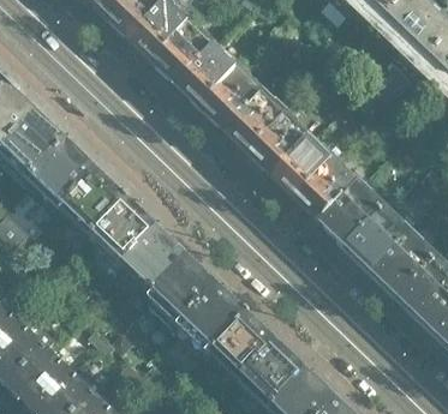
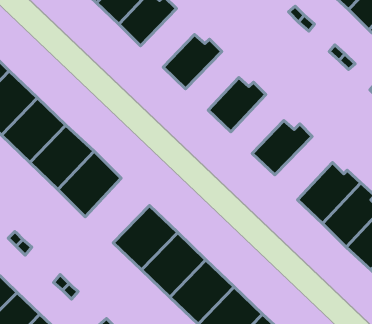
building: [184,49,241,112] -> none
building: [232,95,288,157] -> none
building: [280,140,336,203] -> none
building: [327,185,388,252] -> none
building: [125,229,193,298] -> none

